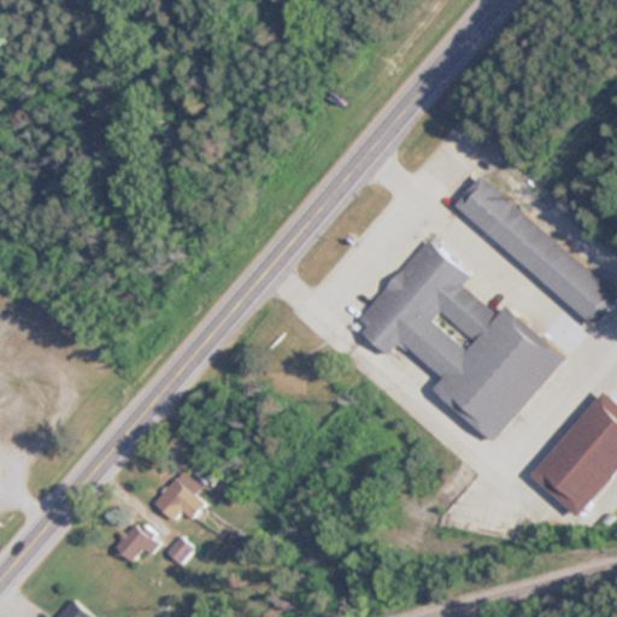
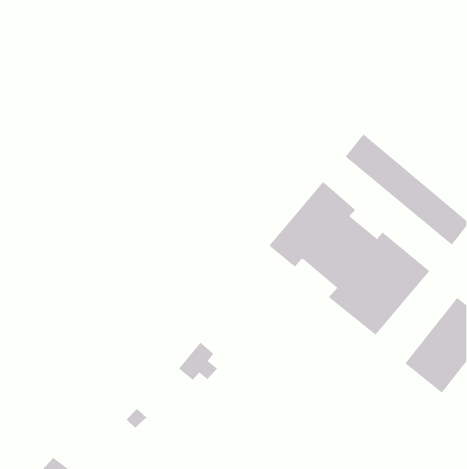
building: [152,470,204,521] -> [178,342,218,381]
building: [113,523,159,563] -> none

